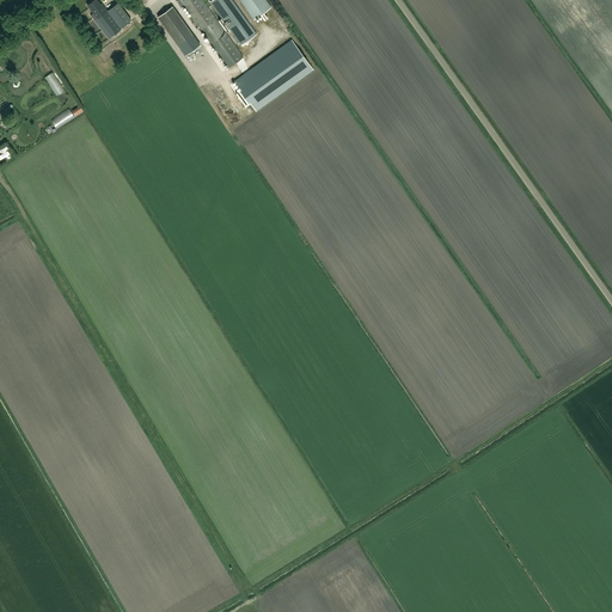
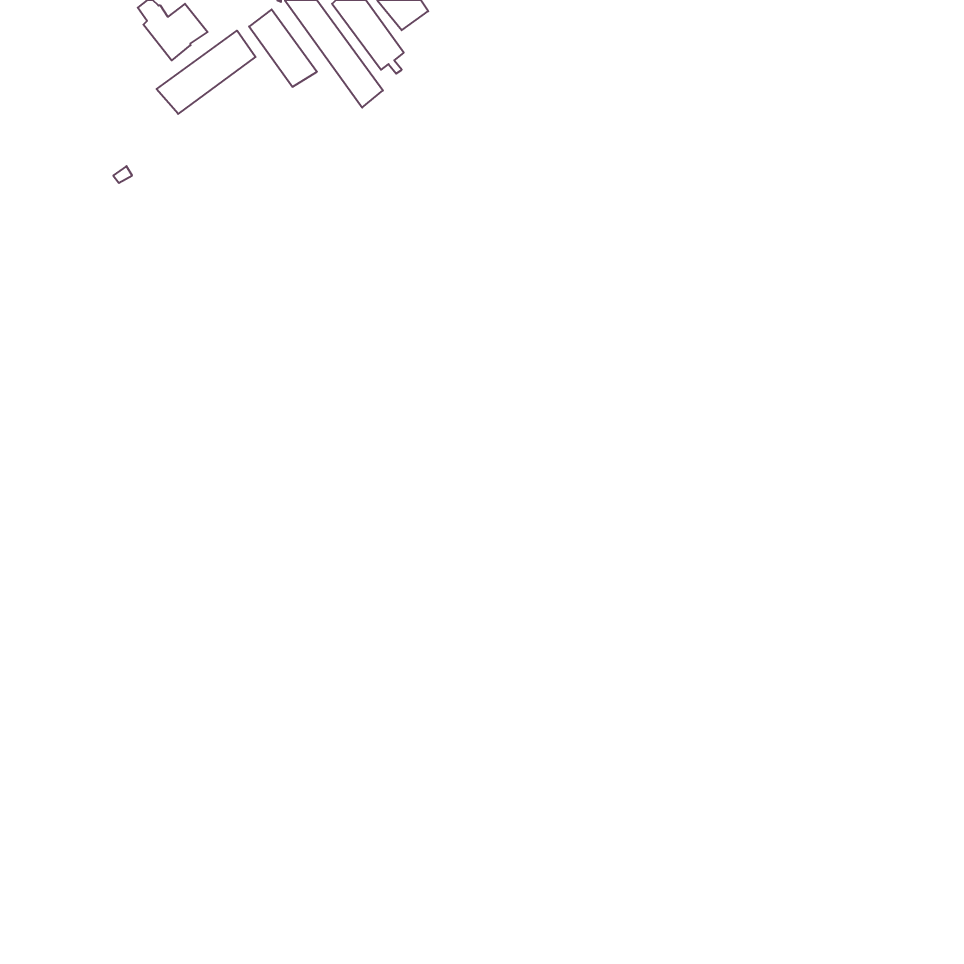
building: none -> [157,31,256,114]
building: [234,39,313,110] -> none

